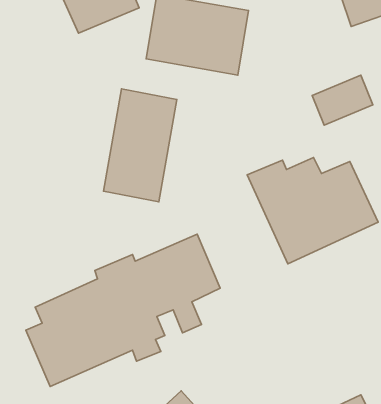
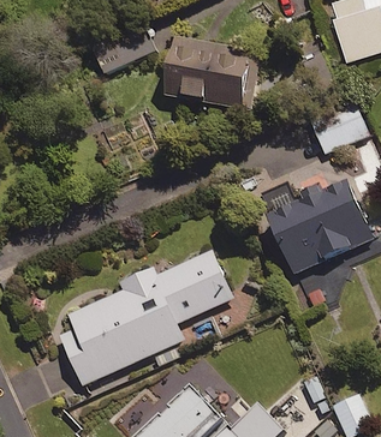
building: [103,89,177,202] -> none

